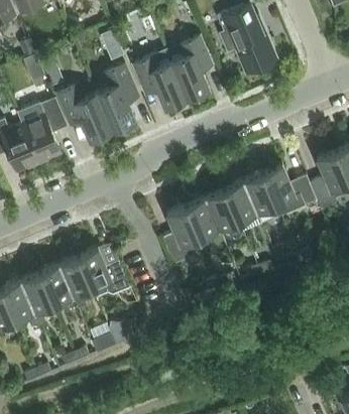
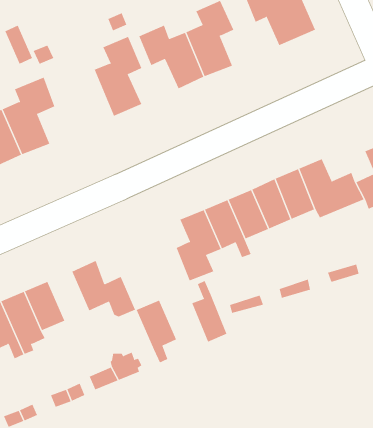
building: [56,84,112,140] -> none
building: [59,256,92,307] -> [136,300,177,363]
building: none -> [192,280,227,342]

